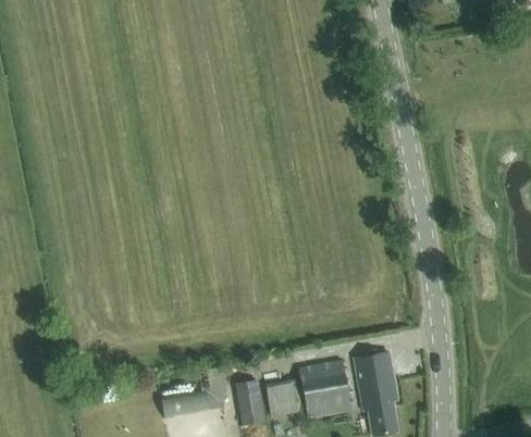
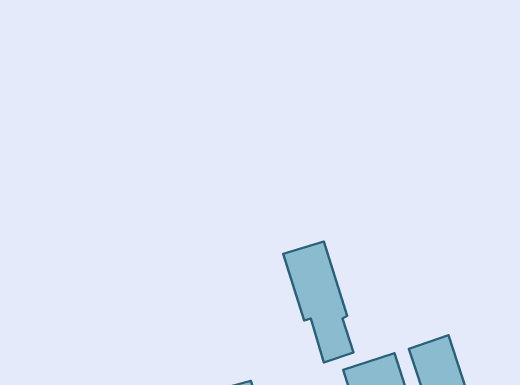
building: none -> [283,241,354,362]

